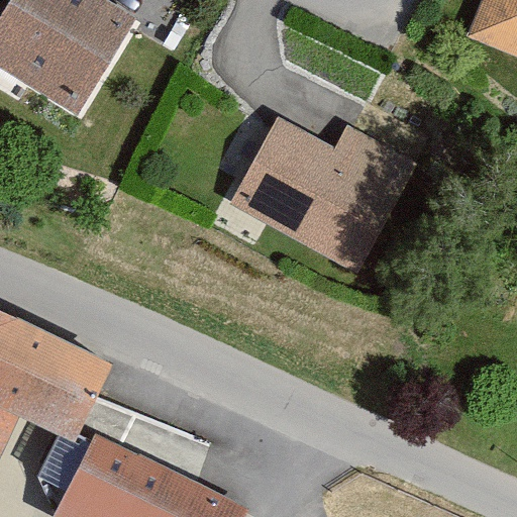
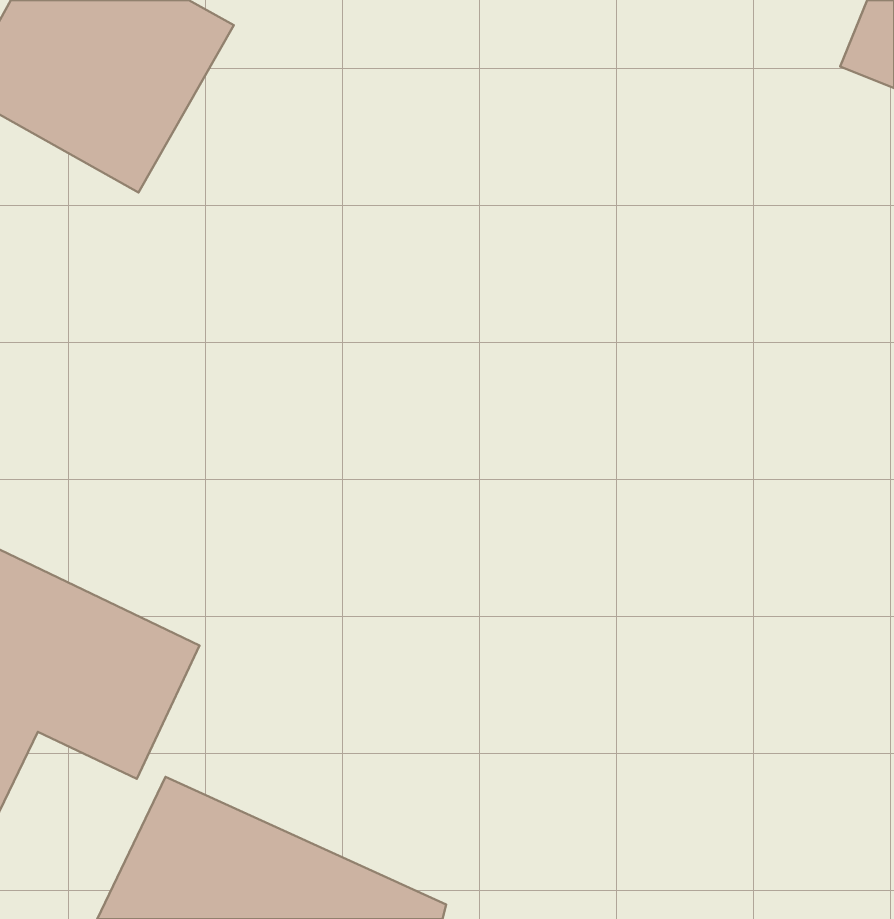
building: [233,121,412,270] -> none

